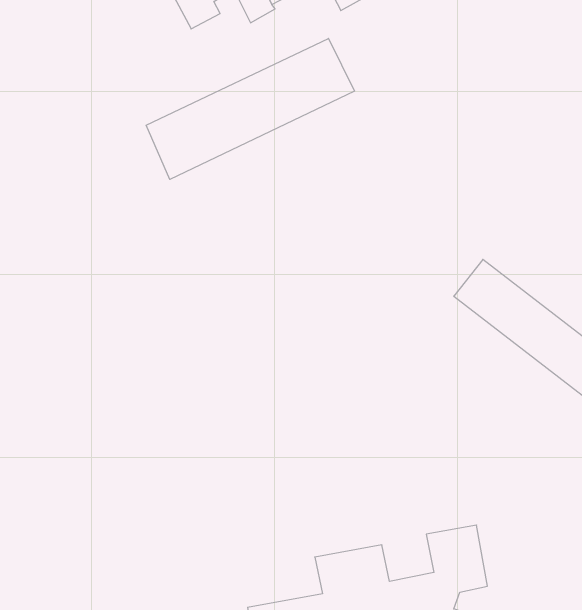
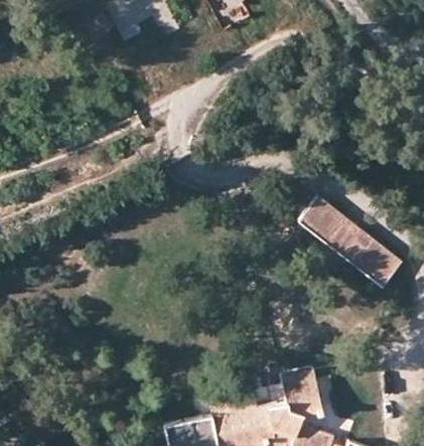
building: [146,38,354,179] -> none

